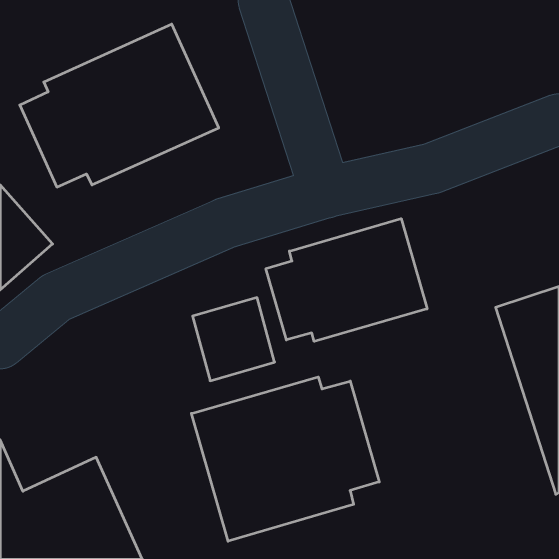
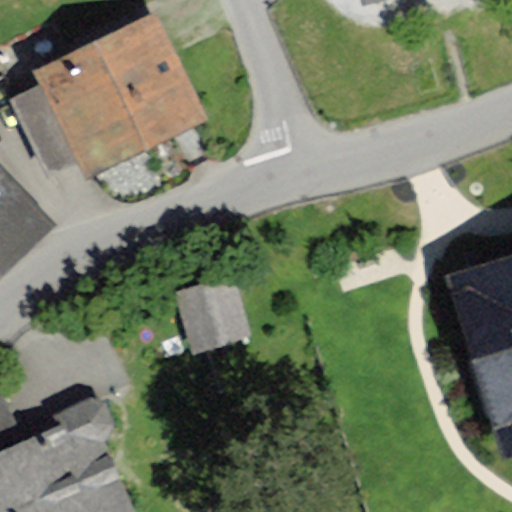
building: [266,219,427,341] -> none
building: [191,377,379,541] -> none

